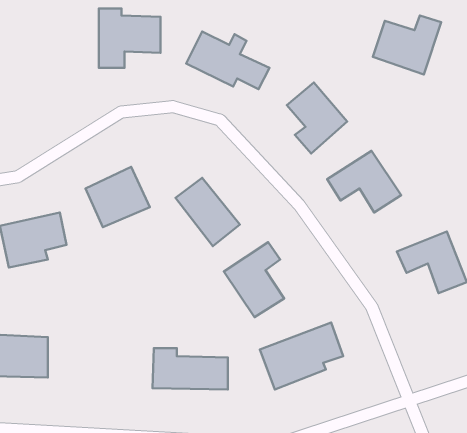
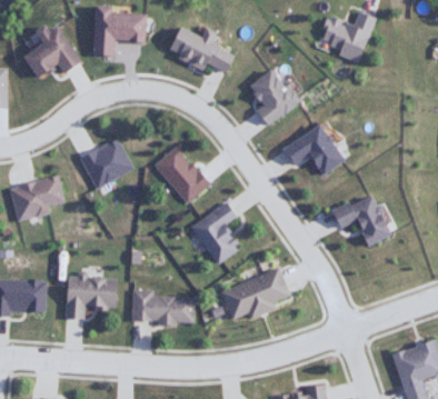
building: none -> [19,26,78,79]
building: none -> [69,275,120,318]

